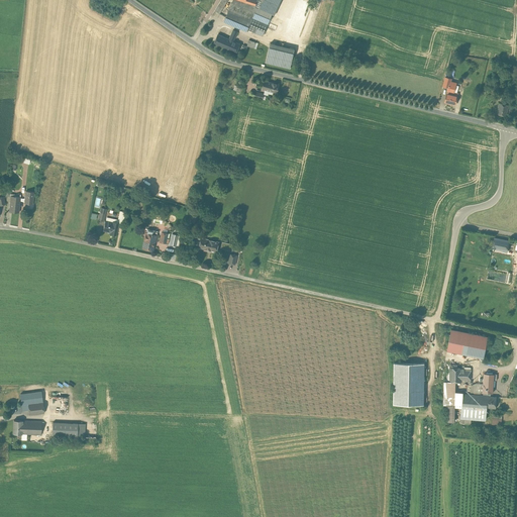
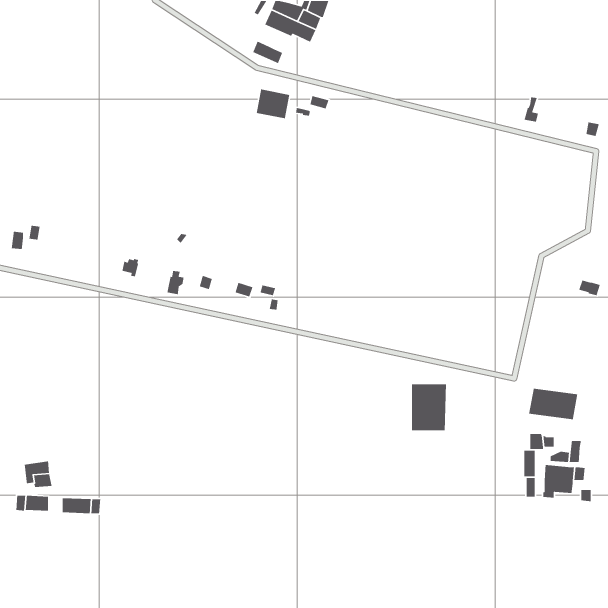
building: [267,42,296,69] -> [256,88,290,119]
building: [394,364,424,404] -> [411,384,447,431]

